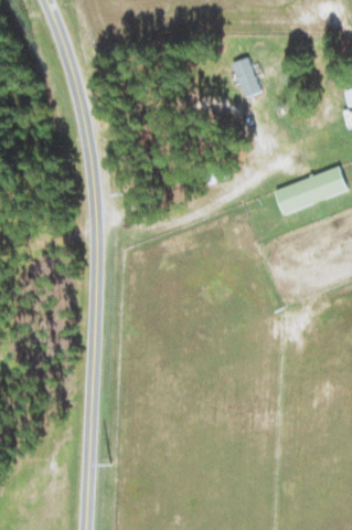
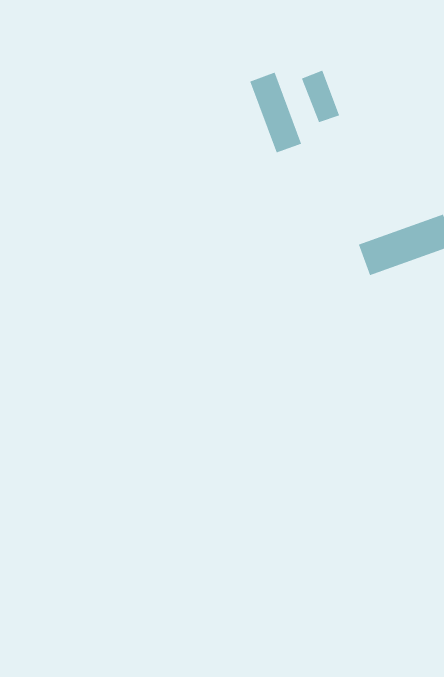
building: none -> [249,72,302,154]

